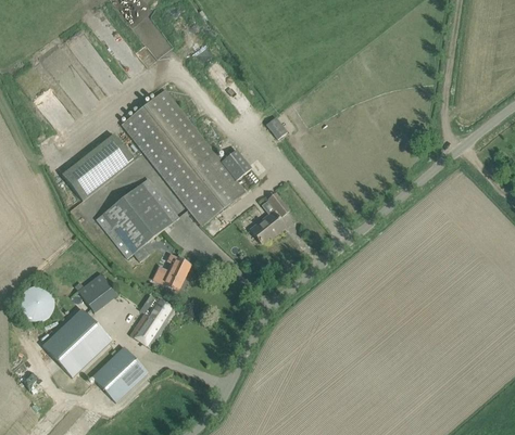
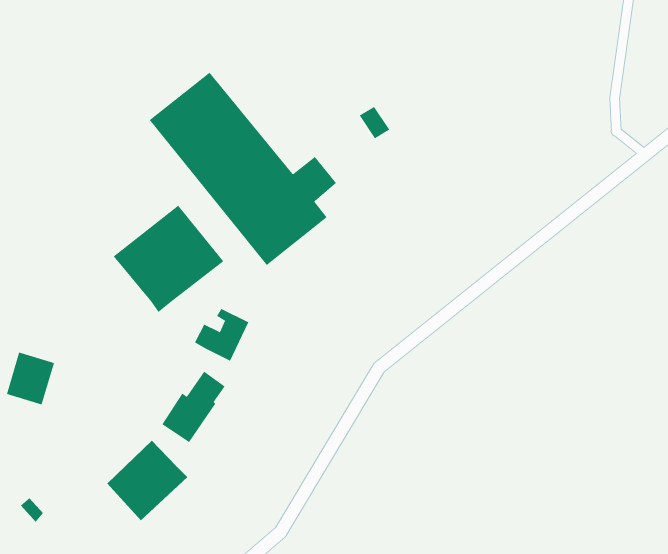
building: [62,132,134,200] -> none
building: [250,192,289,242] -> none
building: [77,272,117,312] -> none
building: [41,308,111,376] -> none

